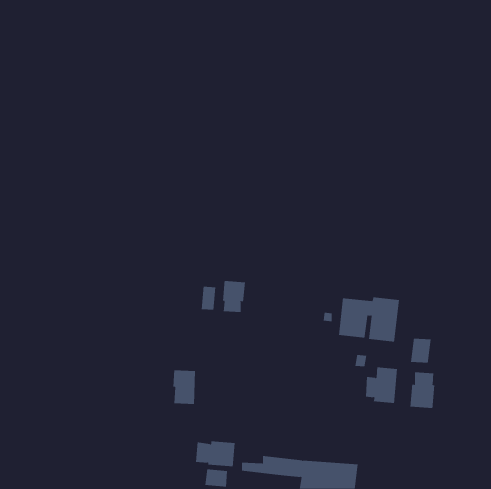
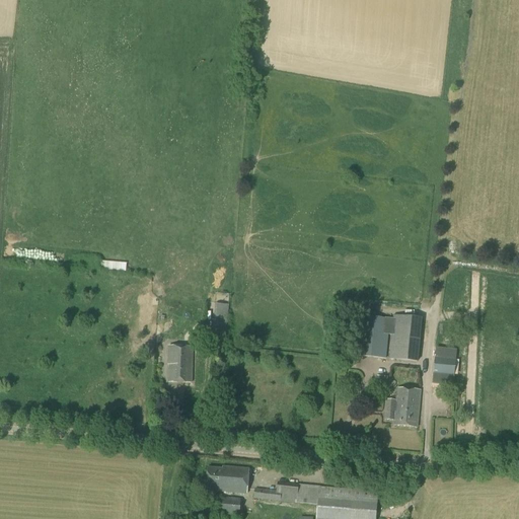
building: [222,280,245,313] -> none
building: [173,370,196,404] -> [167,345,192,381]
building: [410,371,435,409] -> none

